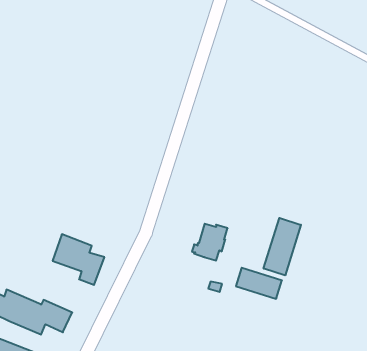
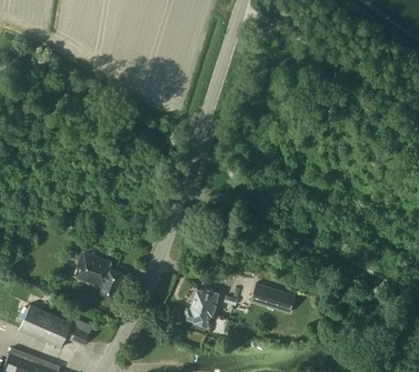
building: [264,218,301,275] -> none
building: [192,224,228,261] -> [184,289,219,324]

